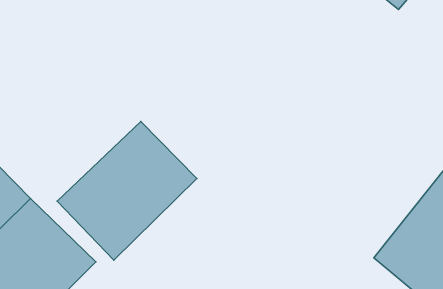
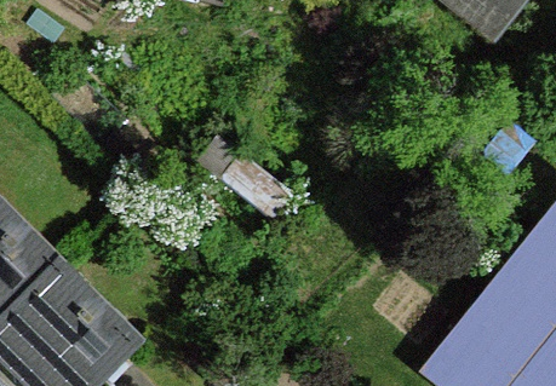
building: [57,122,197,260] -> none

